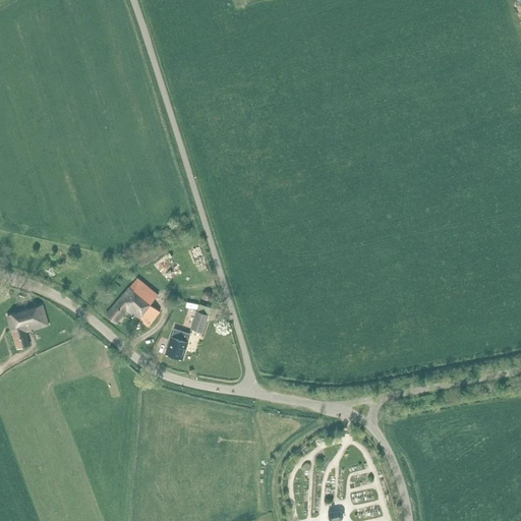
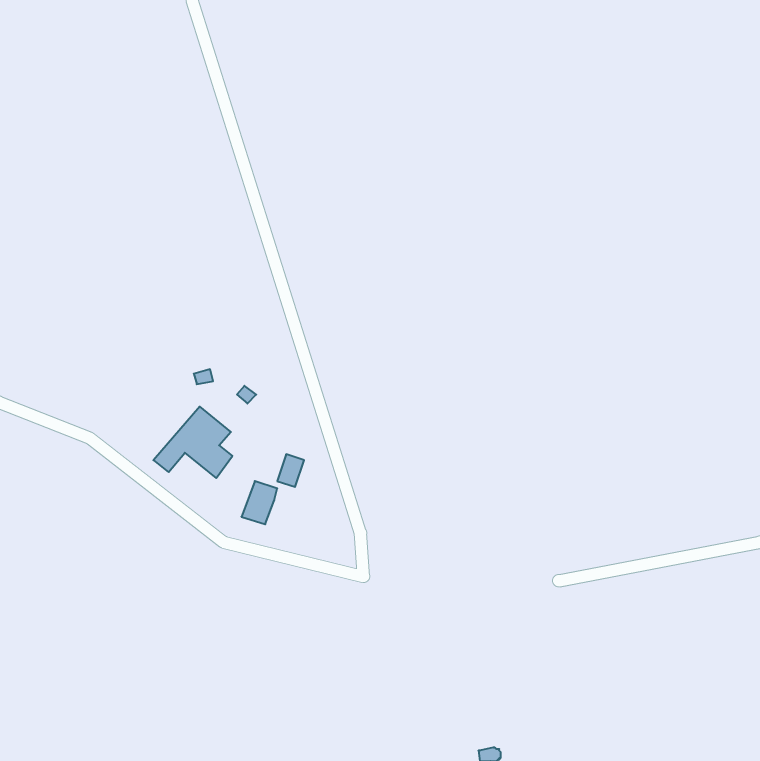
building: [6,305,47,349] -> none

